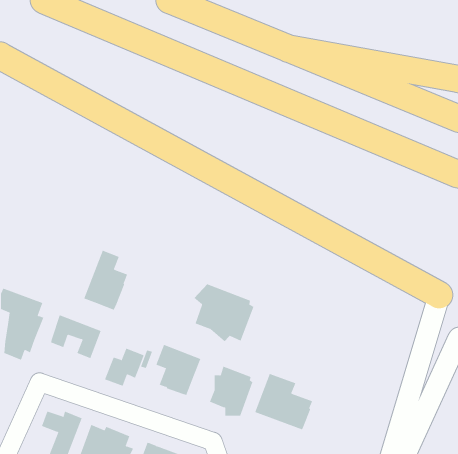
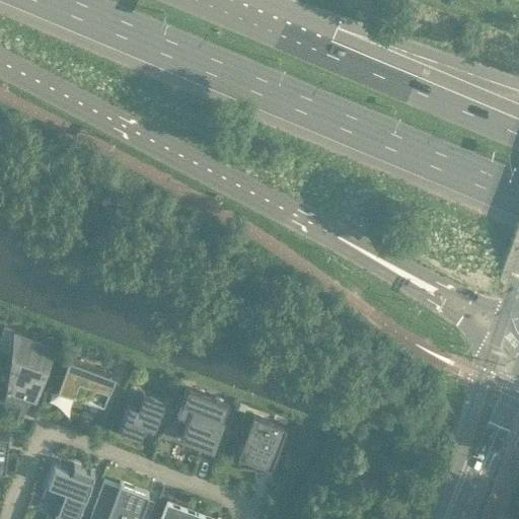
building: [84,250,128,310] -> none
building: [194,283,254,342] -> none
building: [254,373,313,430] -> none

